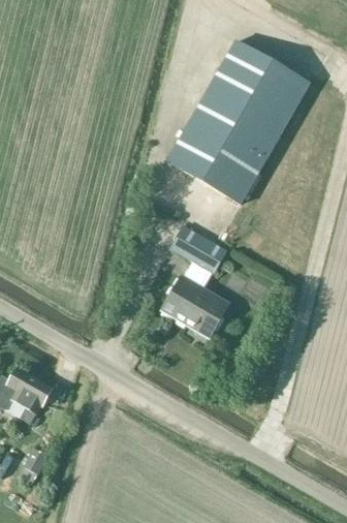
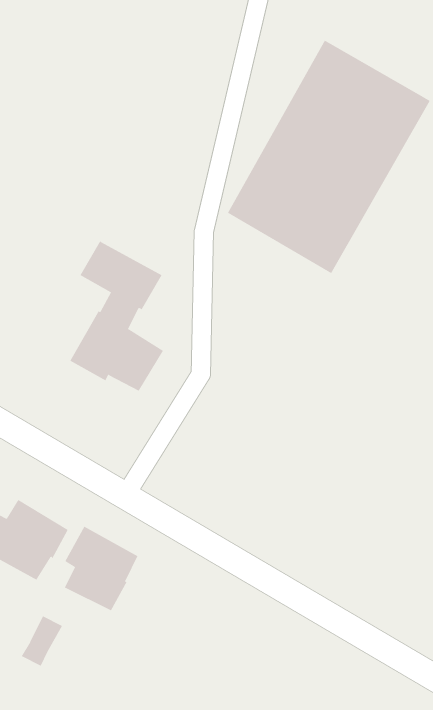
building: [162,224,229,332] -> [69,240,164,391]
building: none -> [64,526,138,611]

